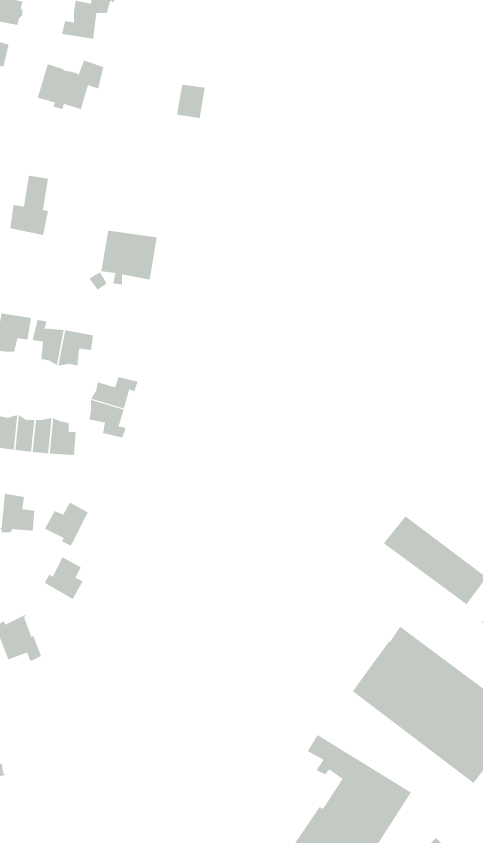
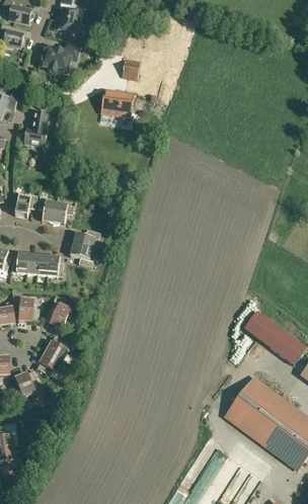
building: [101,230,157,285] -> [100,87,134,119]
building: none -> [35,350,61,380]

